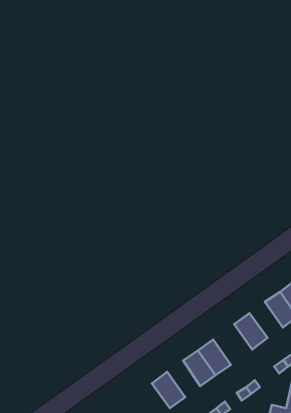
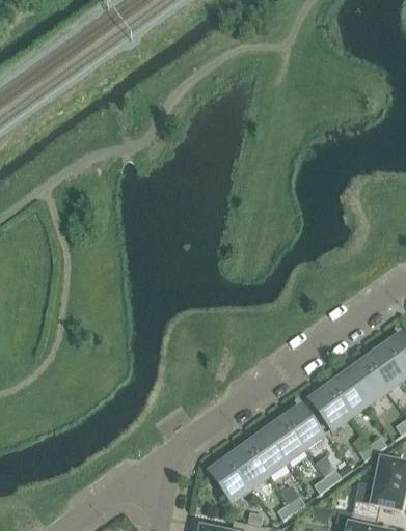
building: none -> [329,371,370,415]
building: none -> [285,403,324,448]
building: none -> [228,443,269,487]

